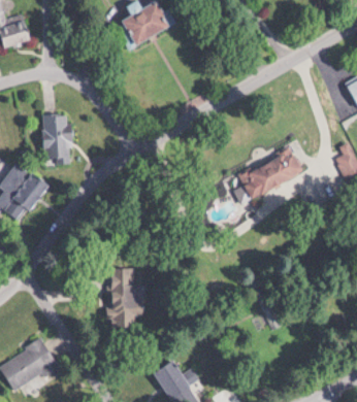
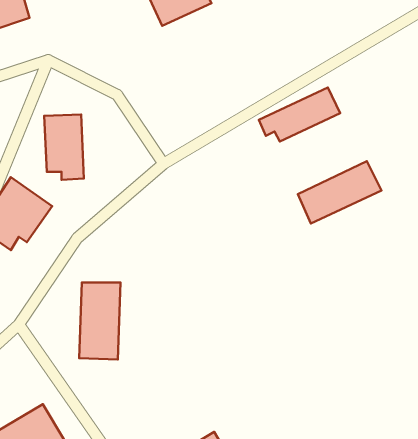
building: none -> [259,88,340,141]
building: [106,267,138,327] -> [79,282,120,359]

